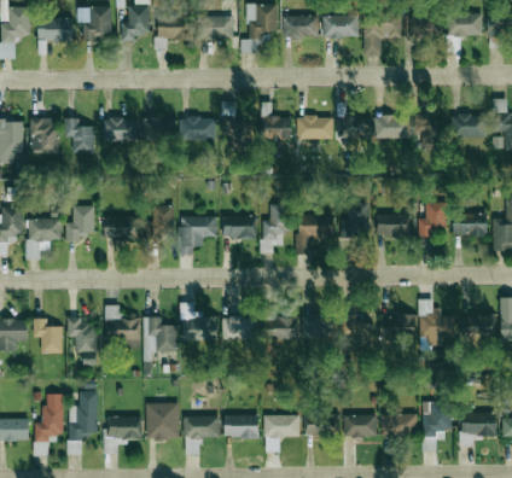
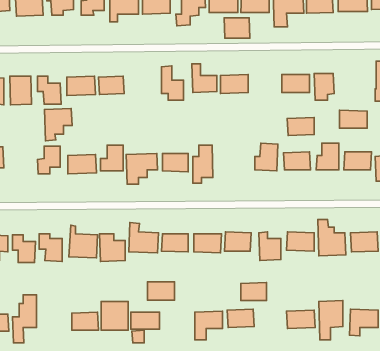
building: none -> [224,18,250,38]
building: [452,115,487,138] -> [339,110,367,128]
building: [336,116,370,139] -> [287,117,314,136]
building: [180,118,215,141] -> none
building: [296,215,332,253] -> none
building: [27,218,62,260] -> [44,108,72,141]
building: [69,391,98,454] -> none
building: [344,414,377,437] -> [241,282,266,301]
building: [225,415,258,438] -> [148,282,174,300]

